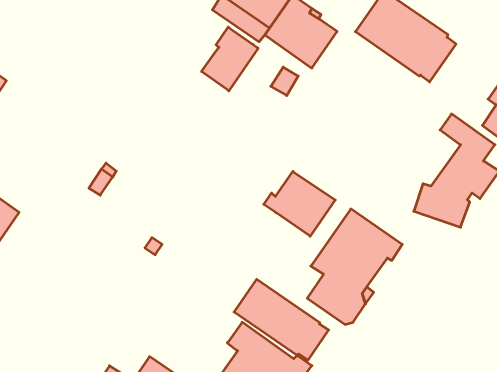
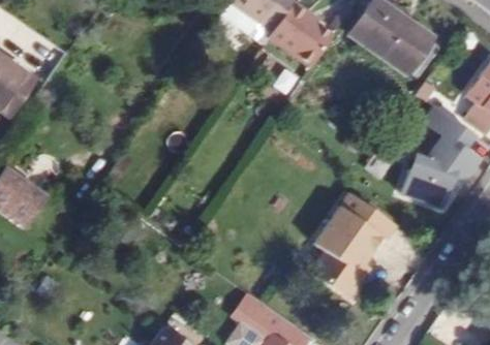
building: [202,27,258,91] -> none
building: [264,171,335,236] -> none
building: [234,279,329,360] -> none

